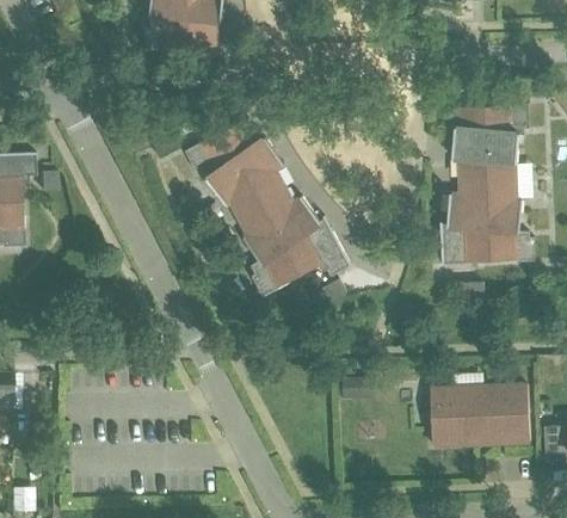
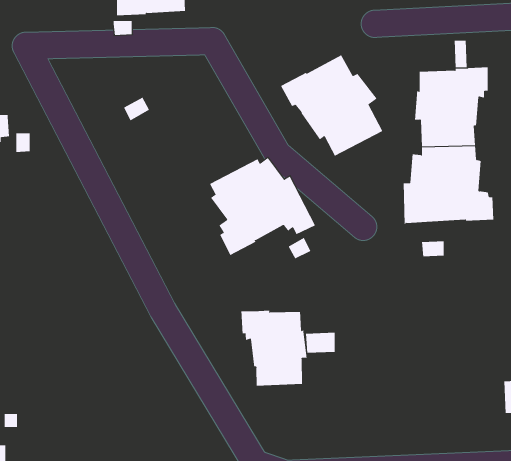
building: [185,118,291,223] -> [280,54,383,157]
building: none -> [241,310,307,386]
building: [430,384,530,445] -> none

